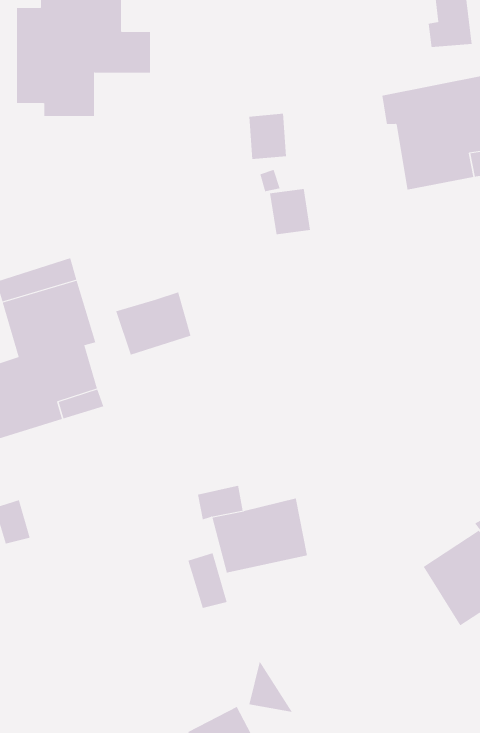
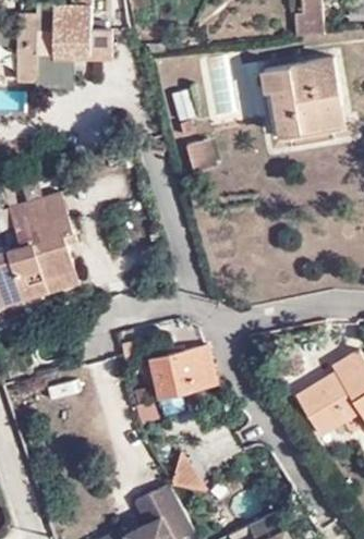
building: [116,291,191,355] -> none

